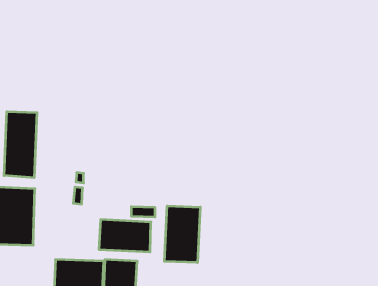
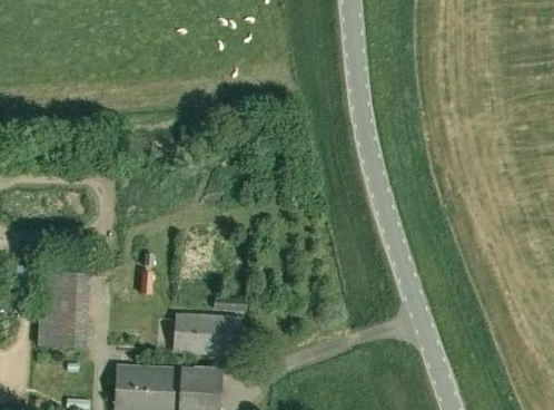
building: [4,112,37,178] -> none
building: [164,206,200,263] -> none

